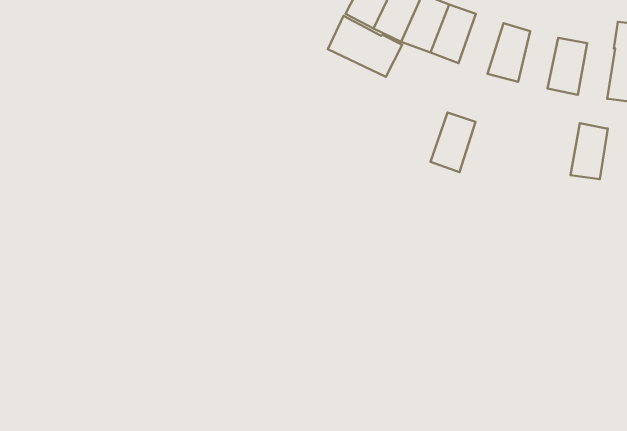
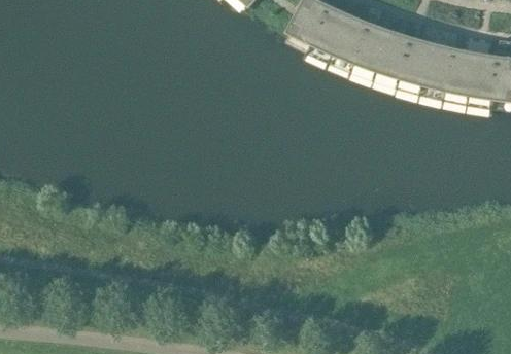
building: [328,16,402,77] -> none
building: none -> [423,44,454,89]
building: [430,112,476,172] -> [377,31,412,77]
building: [570,123,608,179] -> [470,54,499,97]

